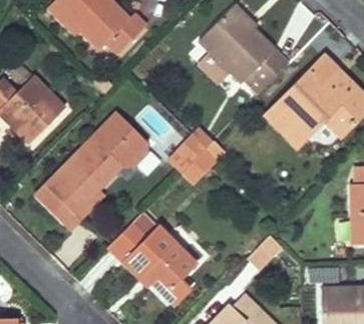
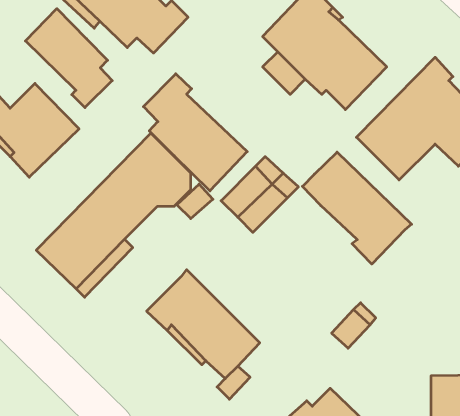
building: none -> [25,9,112,108]
building: none -> [143,74,247,191]
building: none -> [302,152,412,264]

